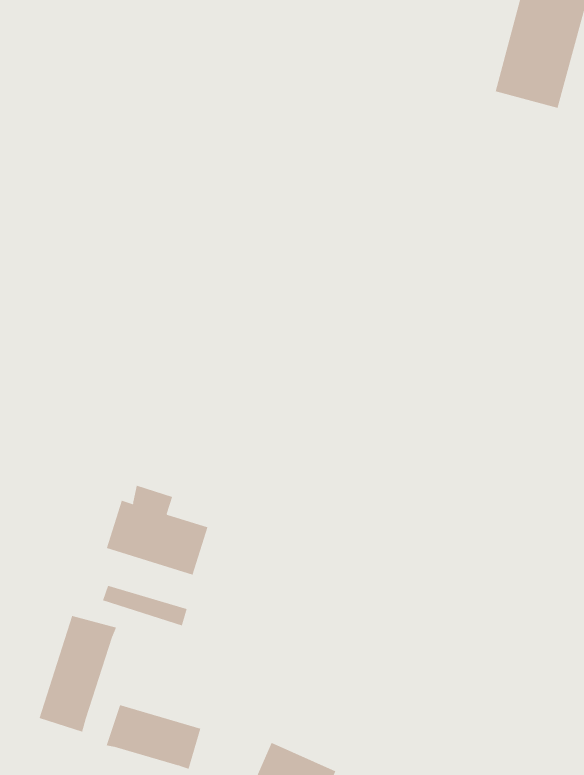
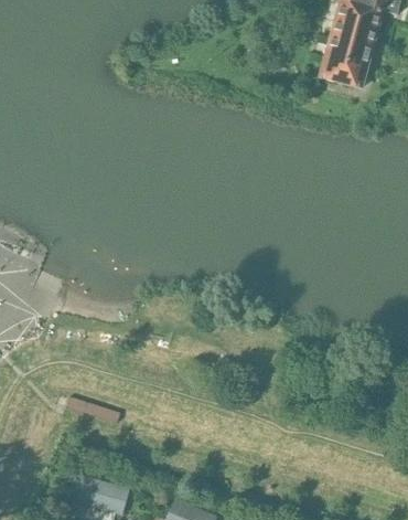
building: [106,485,208,576] -> none
building: [39,615,117,733] -> none

